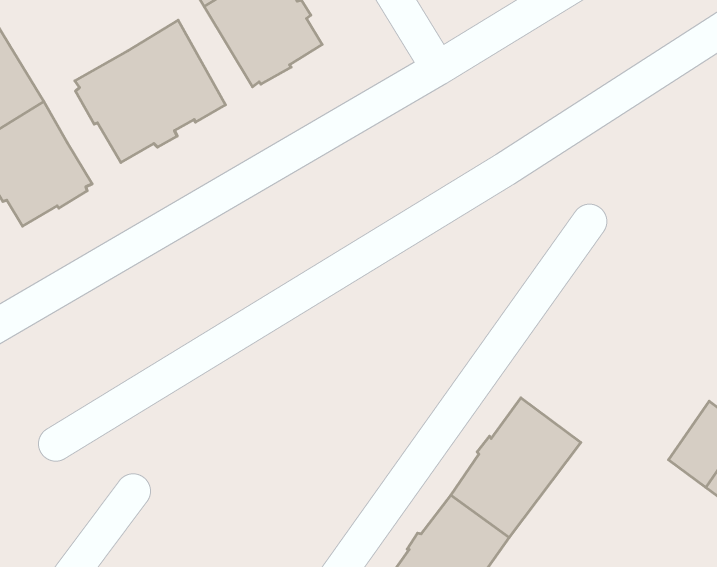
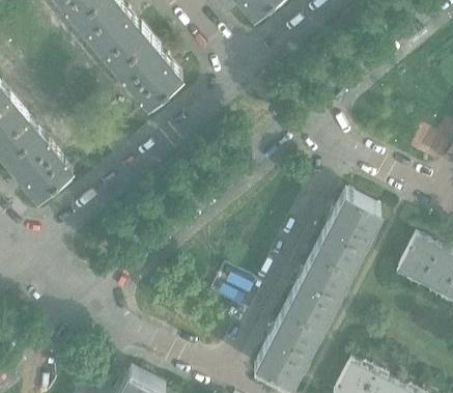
building: [75,20,225,163] -> none
building: none -> [316,193,381,270]

